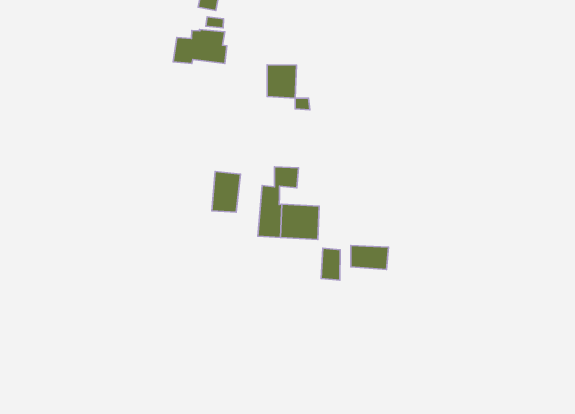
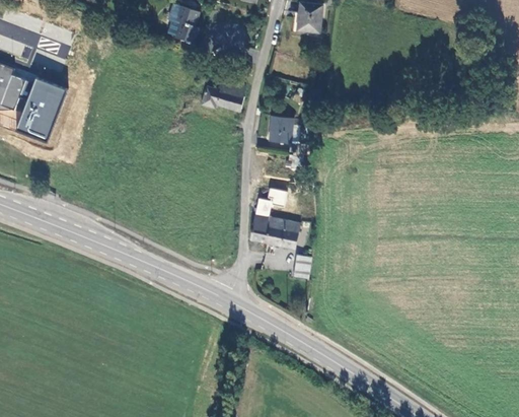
building: [212,171,240,212] -> none
building: [351,245,388,270] -> none

